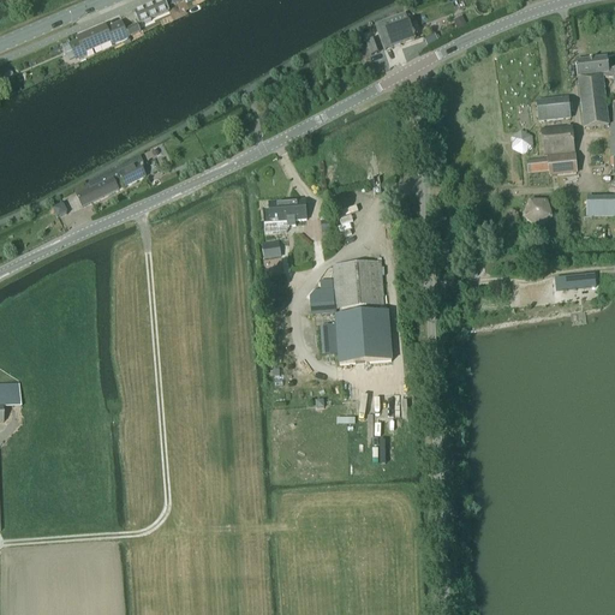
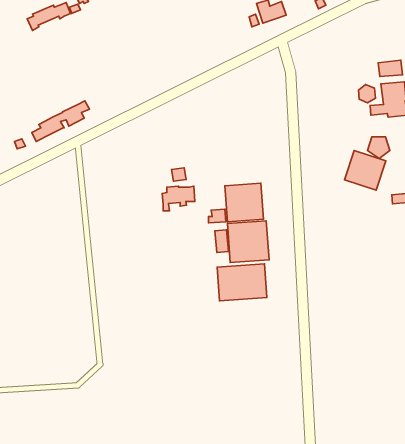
building: [263,198,306,231] -> [162,186,195,211]
building: none -> [344,150,386,190]
building: none -> [217,264,267,301]

